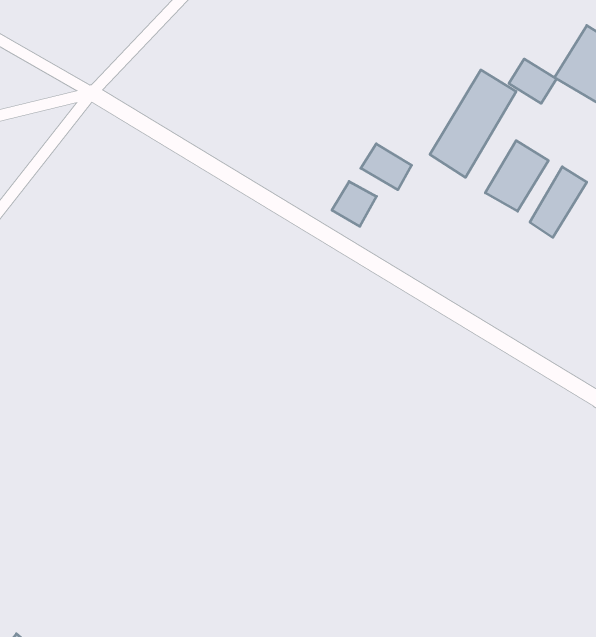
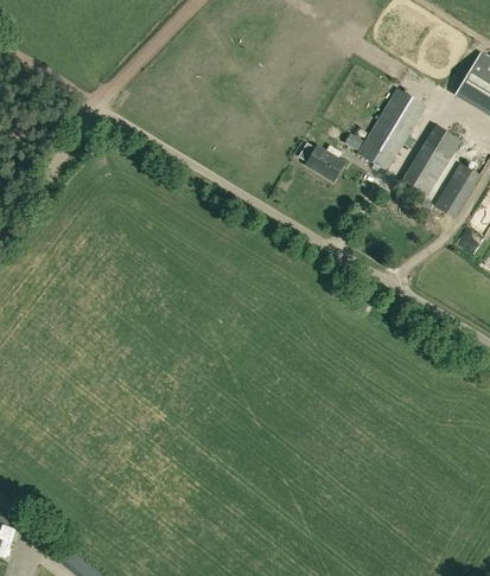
building: [509,59,557,103] -> [425,123,462,158]
building: [332,181,377,226] -> none

